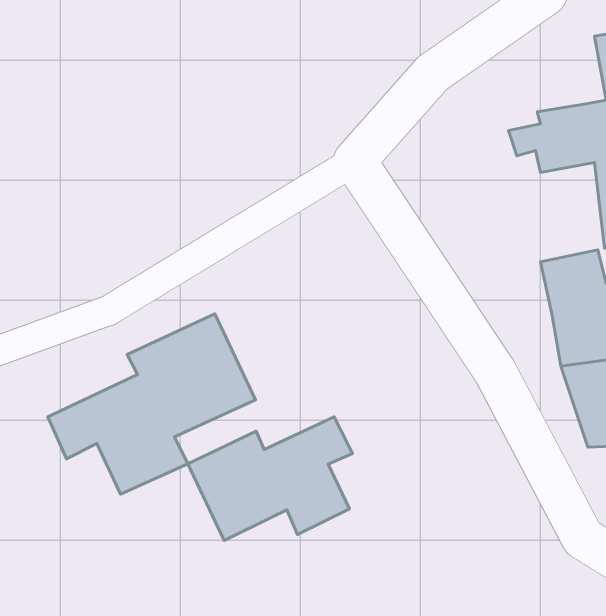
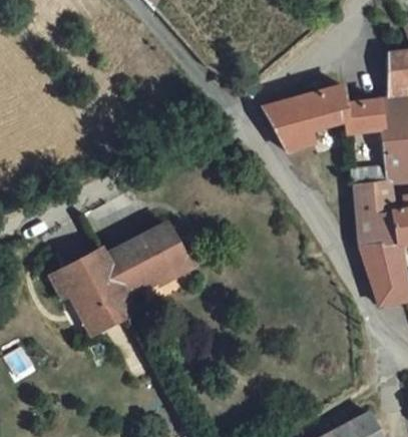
building: none -> [268,79,352,142]
building: [188,417,353,540] -> none

